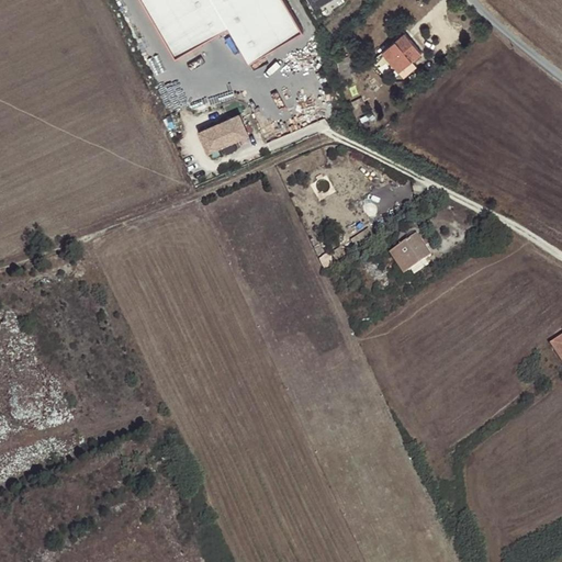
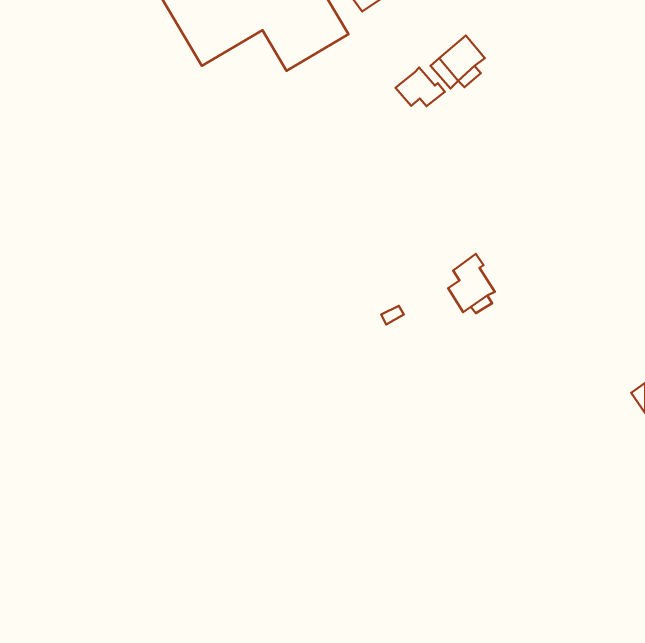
building: none -> [396,67,445,106]
building: [199,113,248,151] -> none

